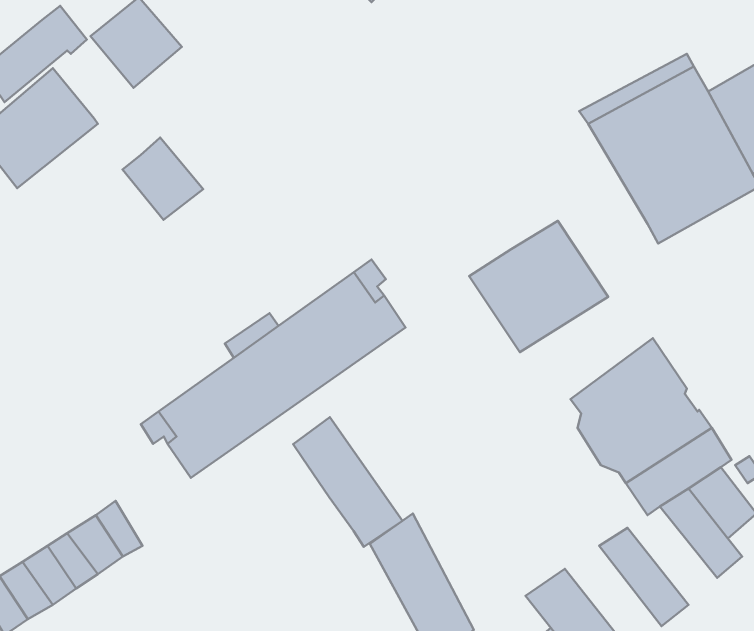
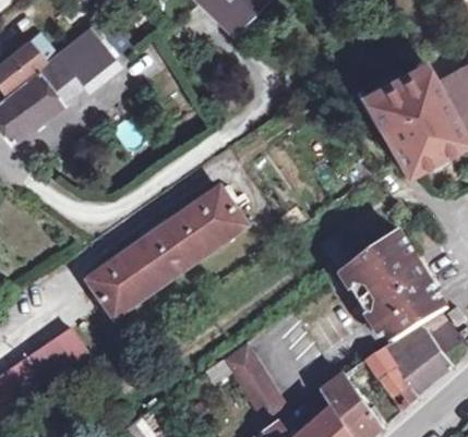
building: [122,137,203,220] -> [33,49,82,99]
building: [469,221,608,352] -> none
building: [293,417,402,547] -> none
building: none -> [383,336,437,396]

